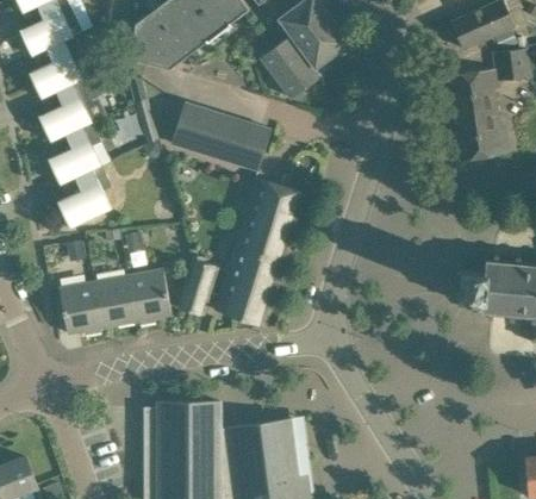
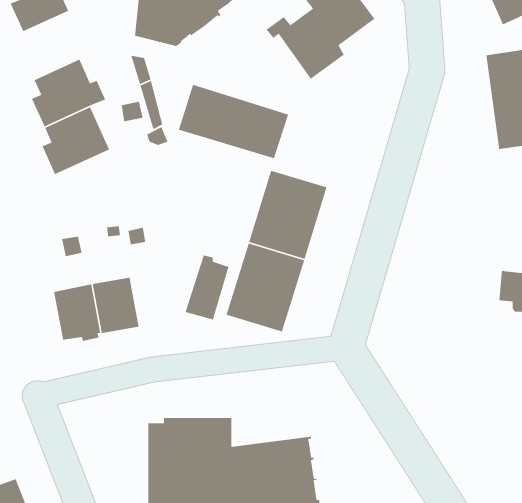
building: [30,37,83,99] -> none
building: [58,162,112,229] -> none
building: [129,270,172,324] -> none

